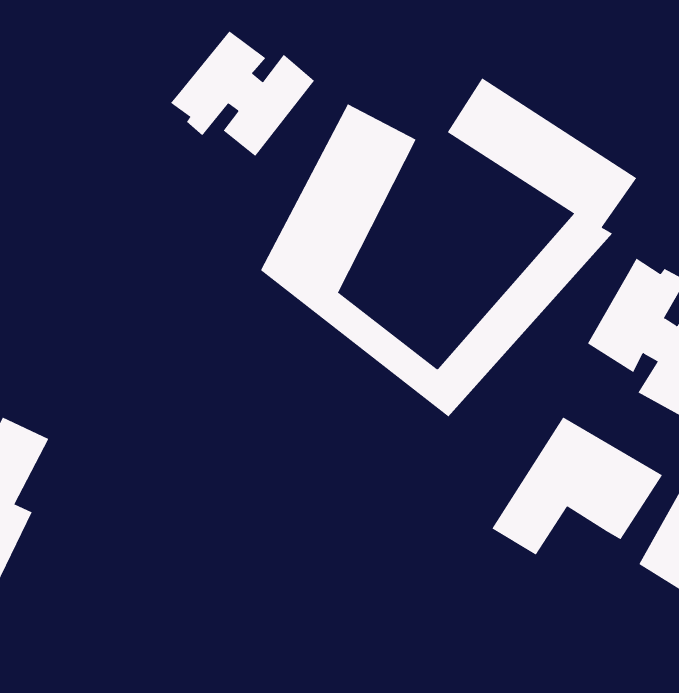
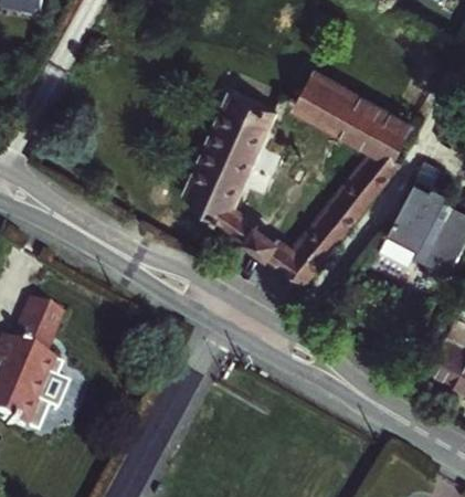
building: [170,31,315,157] -> none
building: [491,417,663,555] -> none

